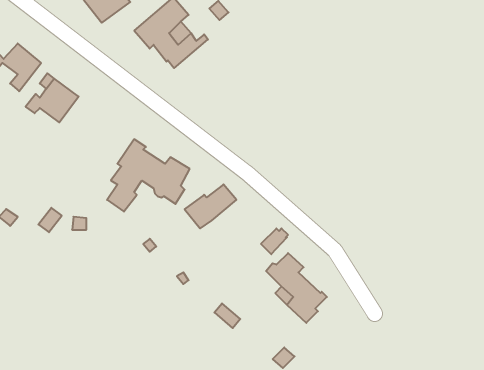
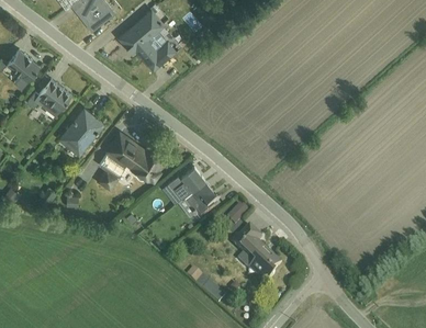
building: none -> [57,106,105,156]
building: none -> [184,182,221,220]

